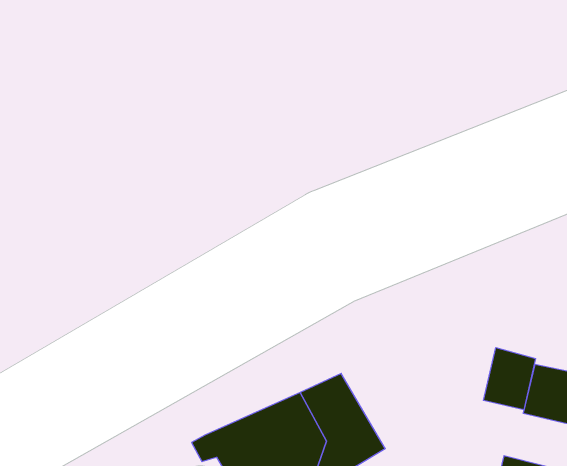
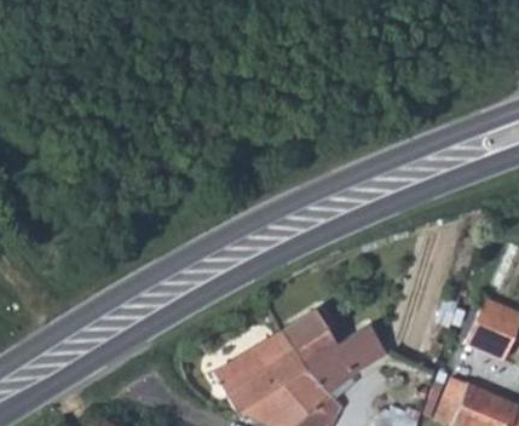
building: [483,348,536,410] -> none
building: none -> [339,333,387,378]

